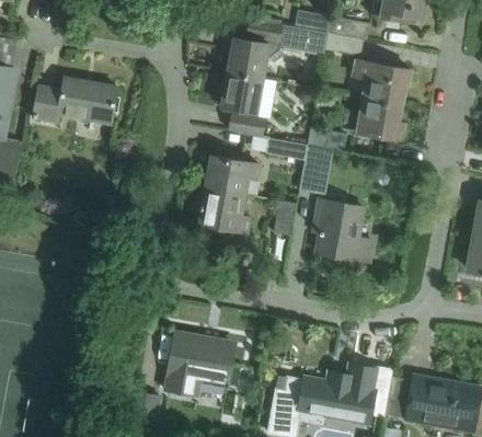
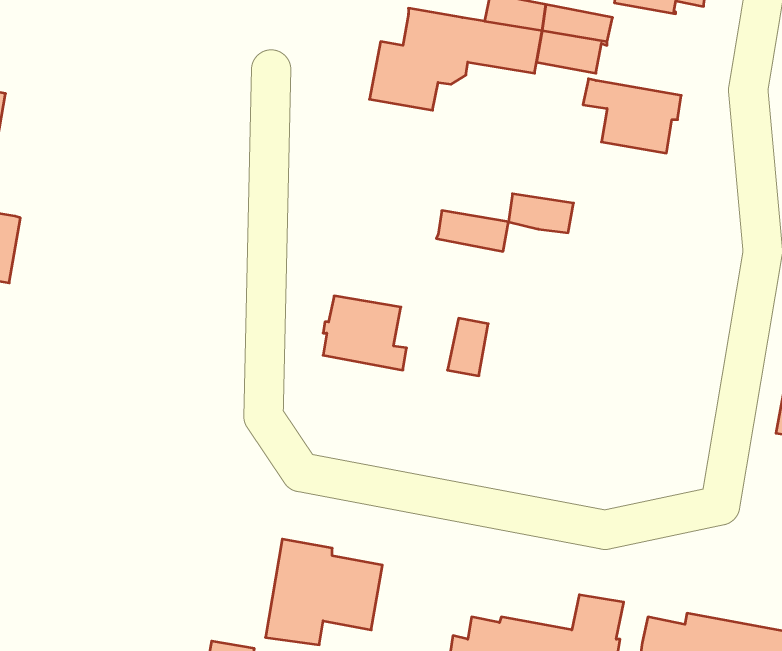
building: [221,71,265,135] -> none
building: [34,77,118,123] -> none
building: [344,96,405,139] -> none
building: [301,143,328,192] -> none
building: [207,154,260,194] -> none
building: [318,198,372,261] -> none

